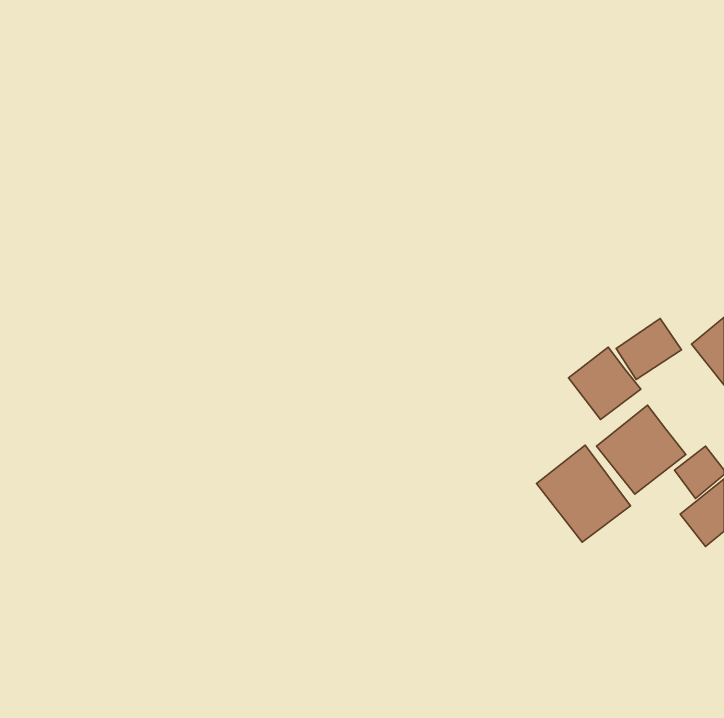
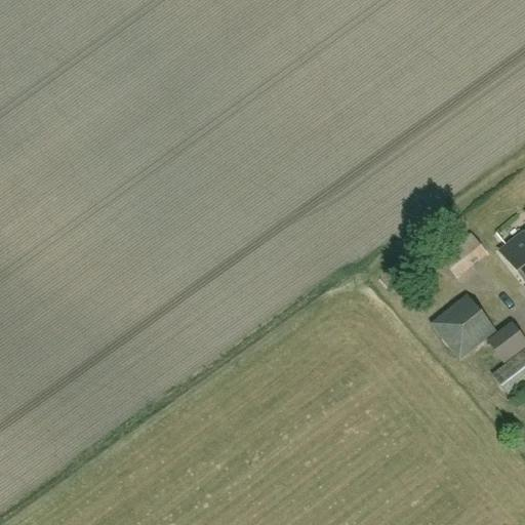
building: [569,347,641,420] -> none
building: [536,445,631,542] -> none

